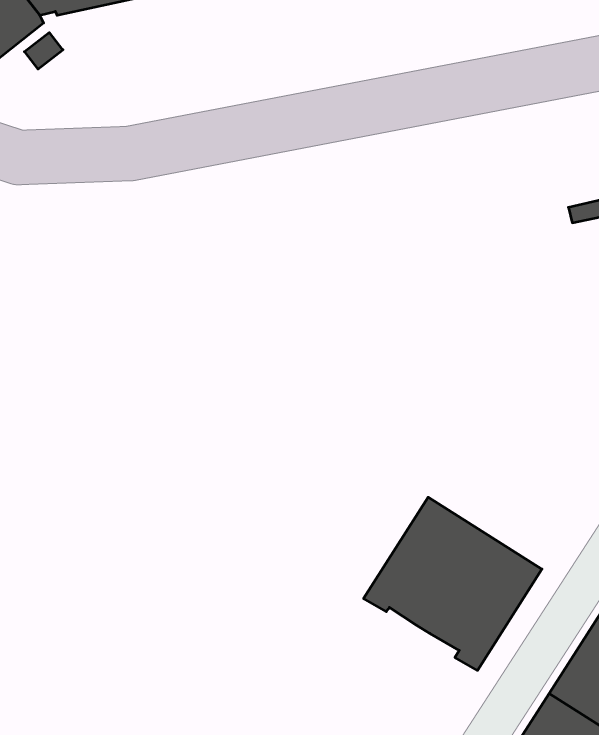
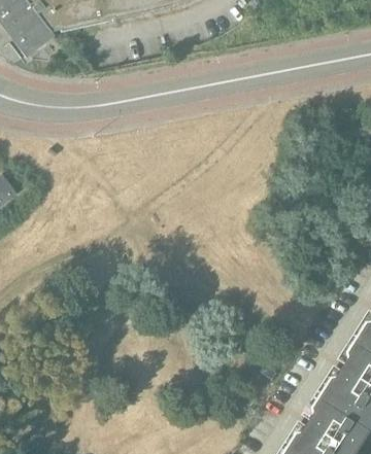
building: [364,497,542,670] -> none

